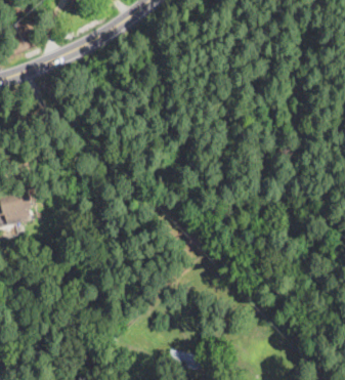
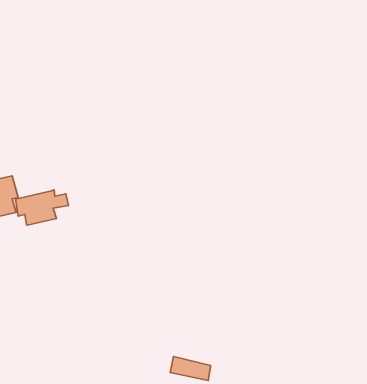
building: none -> [15,190,68,225]

